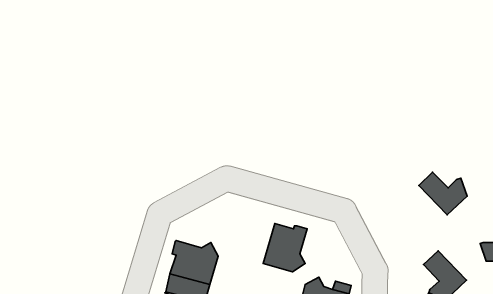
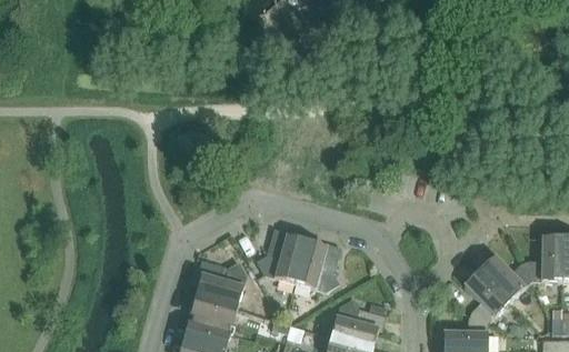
building: [419,172,467,215] -> [480,255,531,301]
building: none -> [257,228,307,283]

